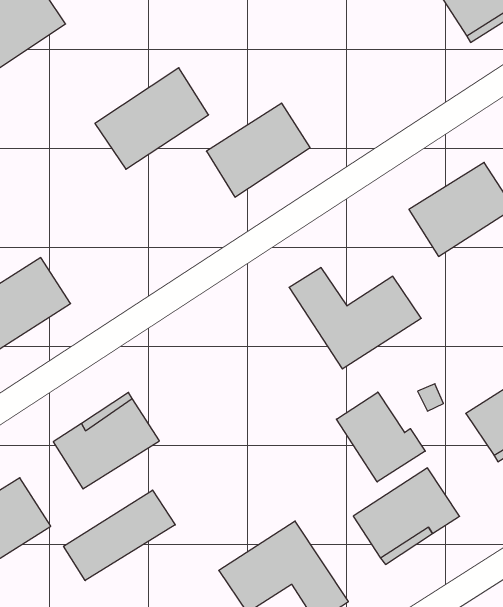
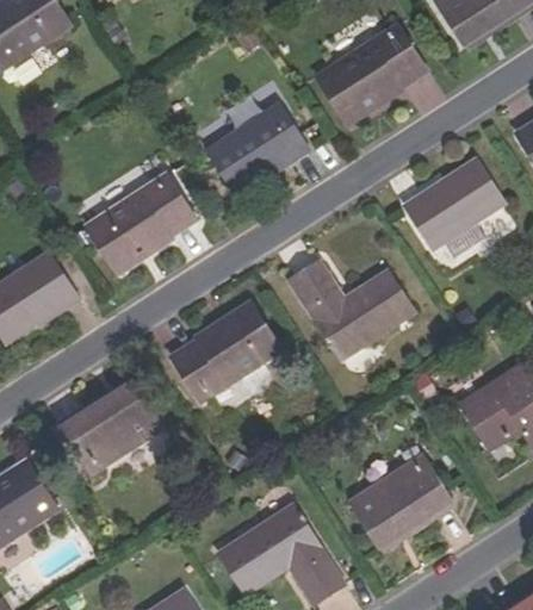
building: none -> [315,24,426,120]
building: [95,68,209,169] -> [85,173,194,270]
building: none -> [168,304,280,403]
building: [336,392,425,482] -> none
building: [64,490,175,581] -> none

